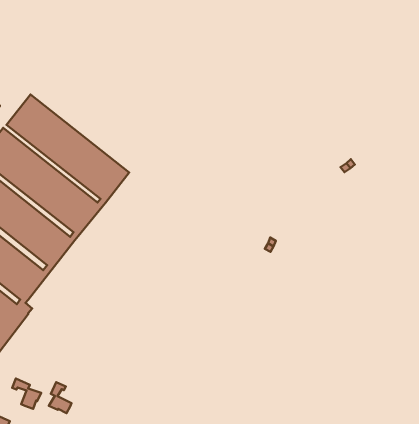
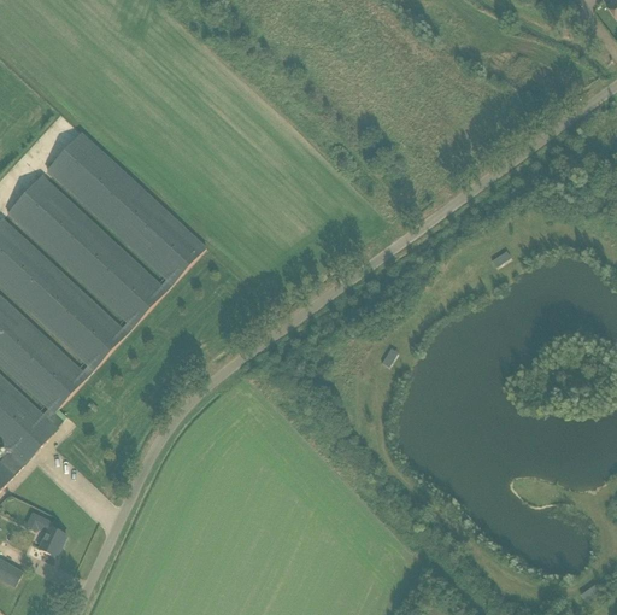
building: [49,382,72,413] -> none

